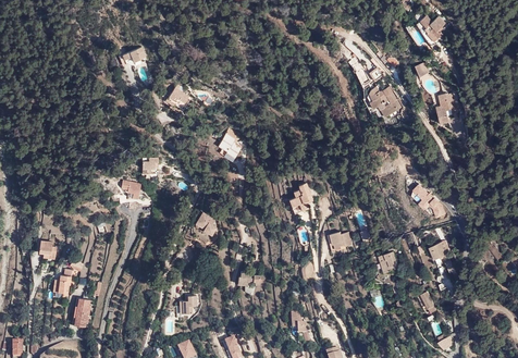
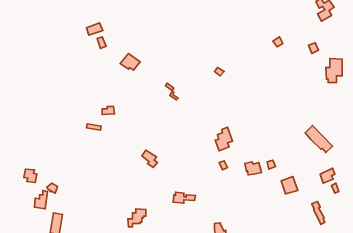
building: [368,86,403,121] -> none

